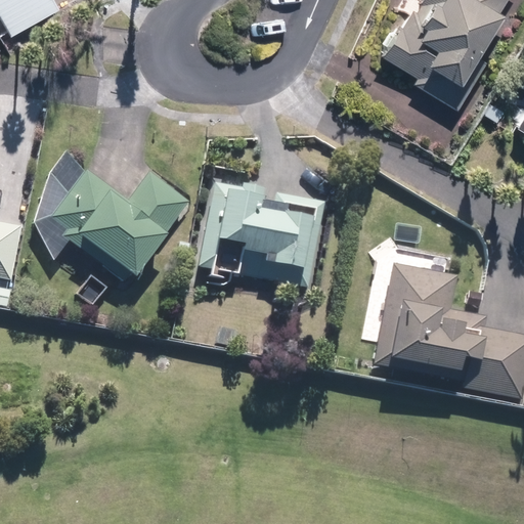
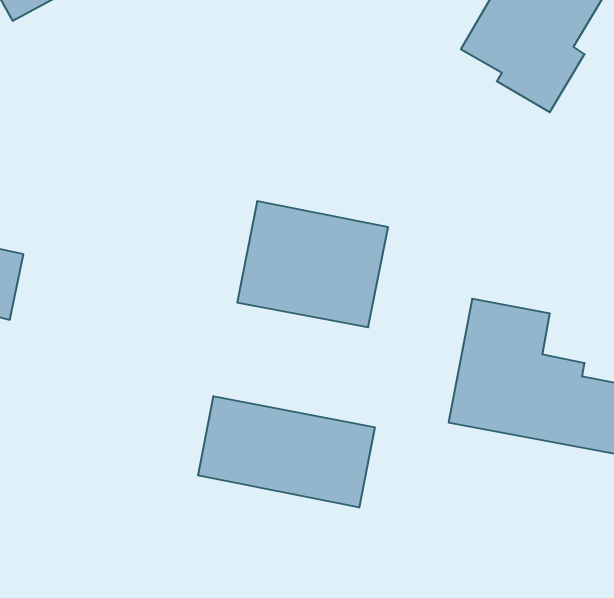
building: [50,170,190,288] -> none
building: none -> [198,396,375,508]

